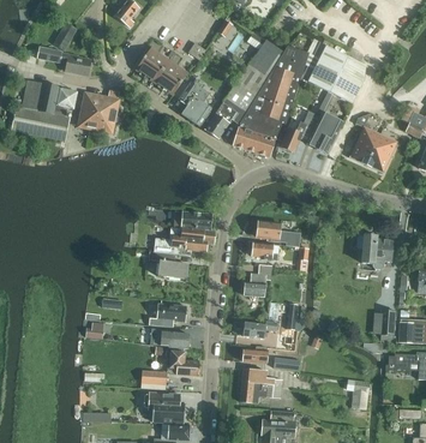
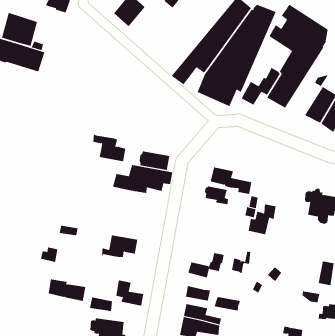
building: [155,60,188,95] -> none
building: [179,80,212,126] -> none
building: [77,90,120,134] -> none
building: [149,251,185,277] -> [92,134,126,162]
building: [244,264,271,297] -> [248,204,277,235]
building: [150,328,190,348] -> [48,279,86,302]

